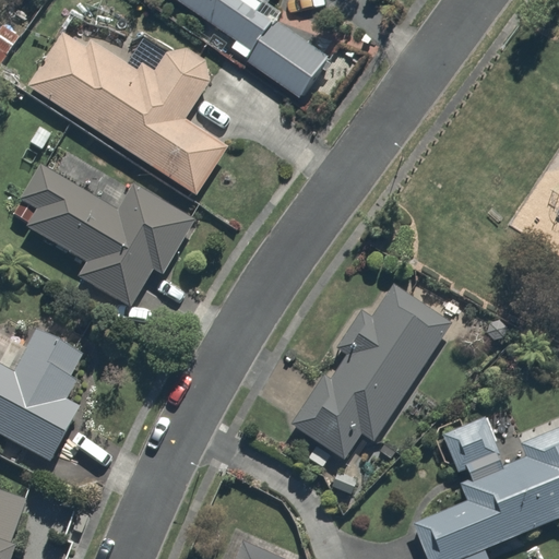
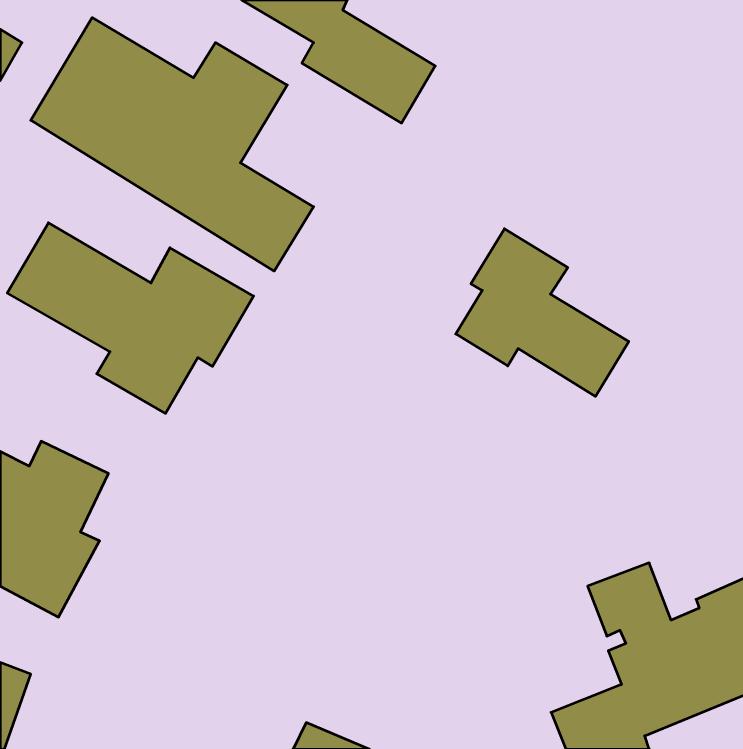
building: none -> [456,229,629,396]
building: [288,284,450,462] -> none

